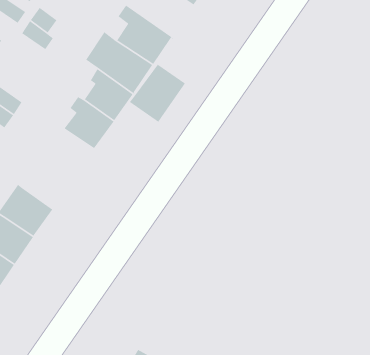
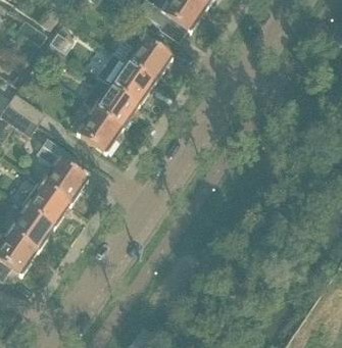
building: [129,62,187,123] -> none
building: none -> [35,138,87,204]

